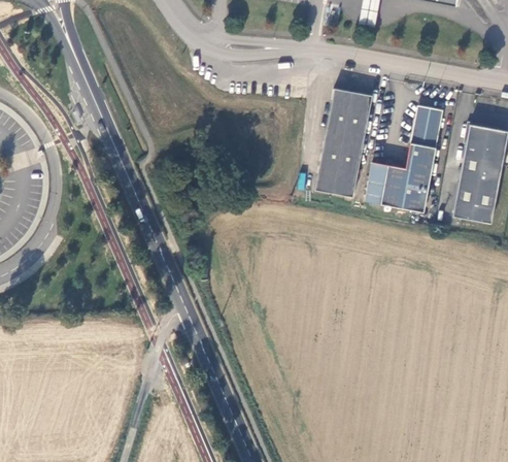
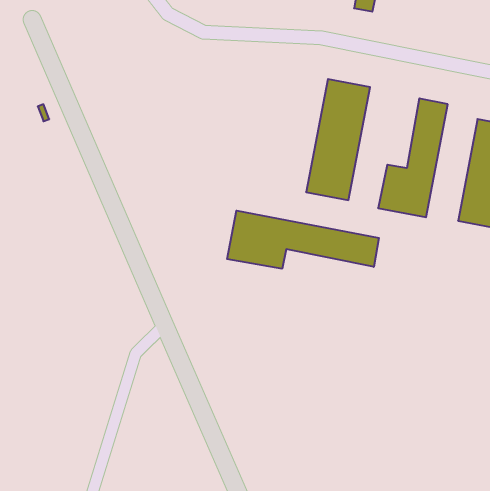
building: [366,161,388,203] -> none
building: none -> [227,211,379,269]

